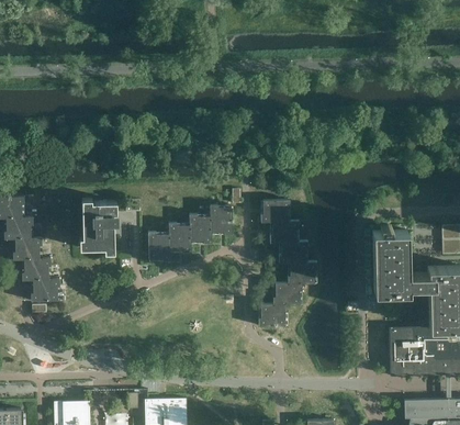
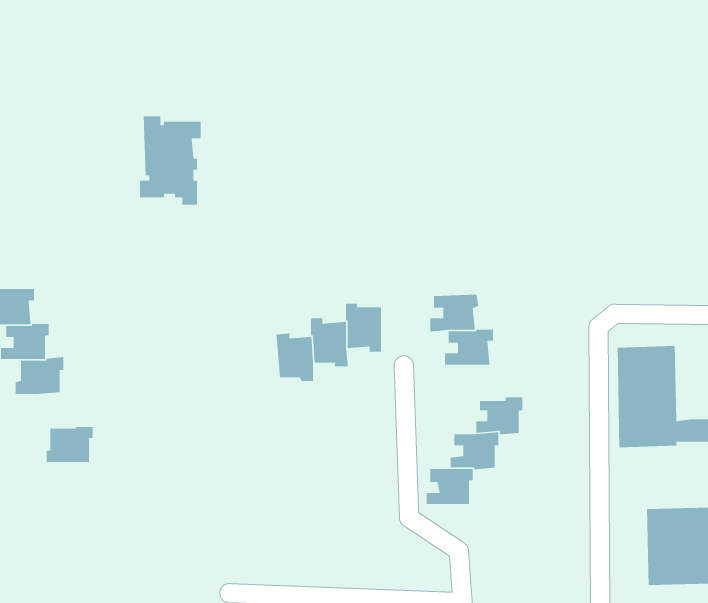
building: [79,199,116,253] -> [139,115,202,205]
building: [148,233,170,261] -> none
building: [278,242,307,264] -> none
building: [21,258,51,280] -> none

